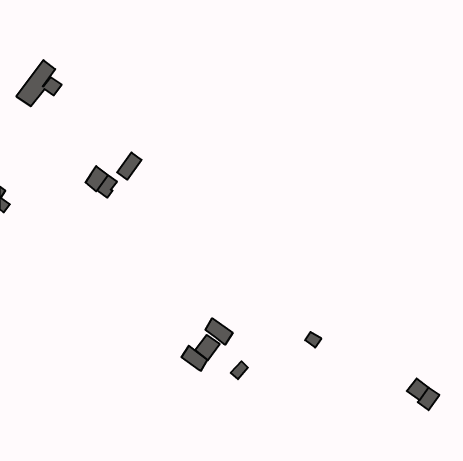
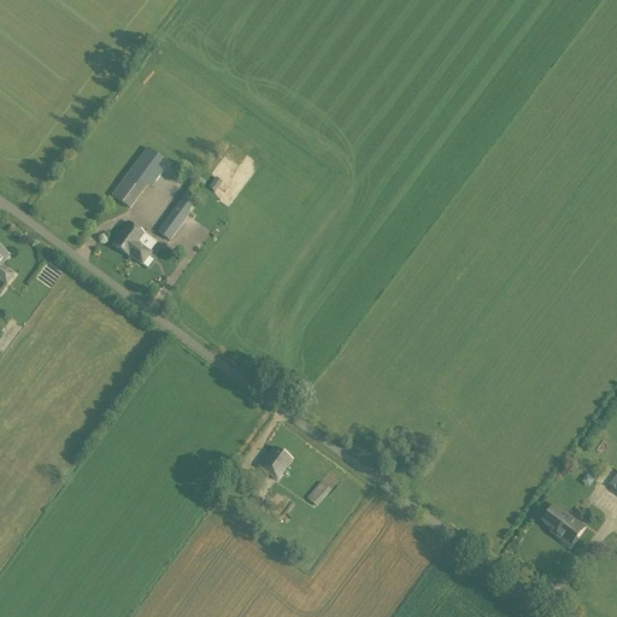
building: [16,60,62,106] -> [110,145,170,206]
building: [205,318,233,345] -> none
building: [181,346,207,371] -> none

